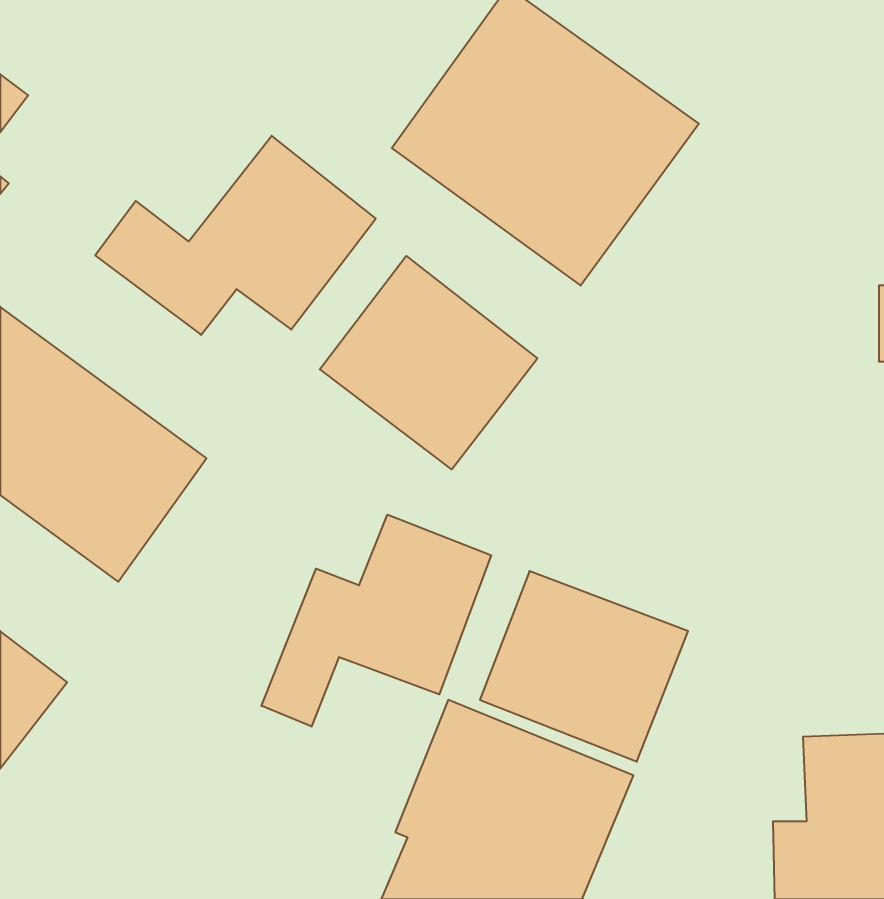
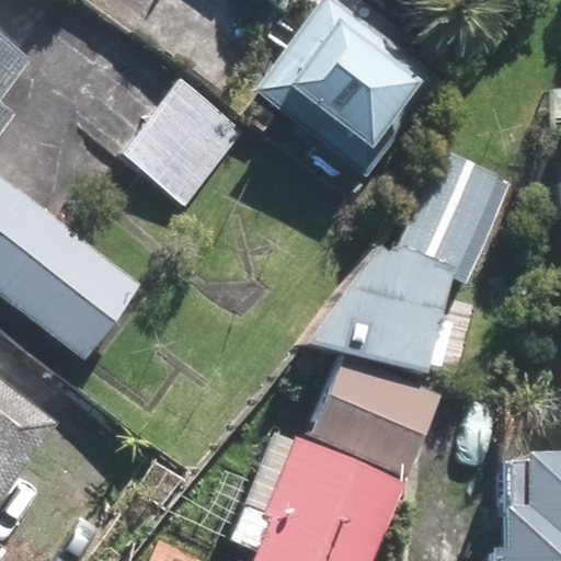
building: none -> [309,147,515,369]
building: [320,256,537,469] -> none
building: [261,515,491,727] -> none

